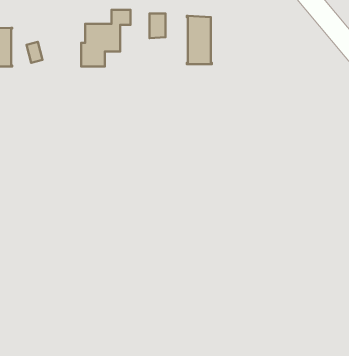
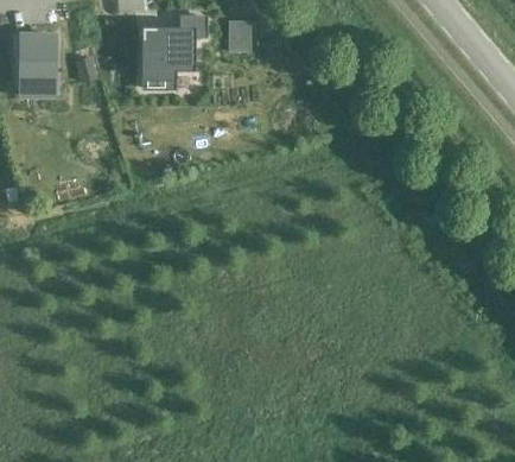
building: [187,16,212,64] -> none

